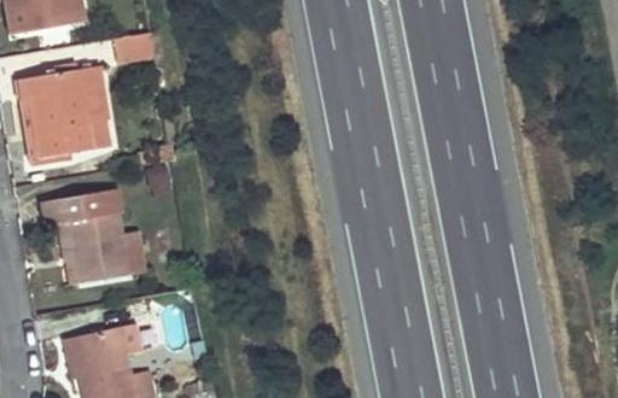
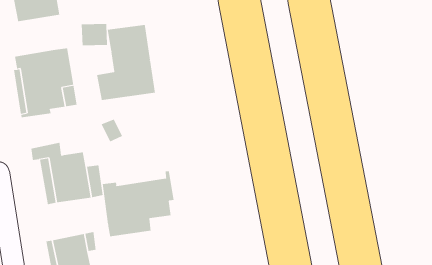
building: none -> [97,24,156,101]
building: none -> [102,171,174,237]

